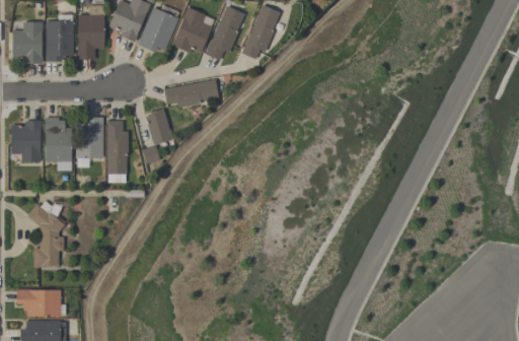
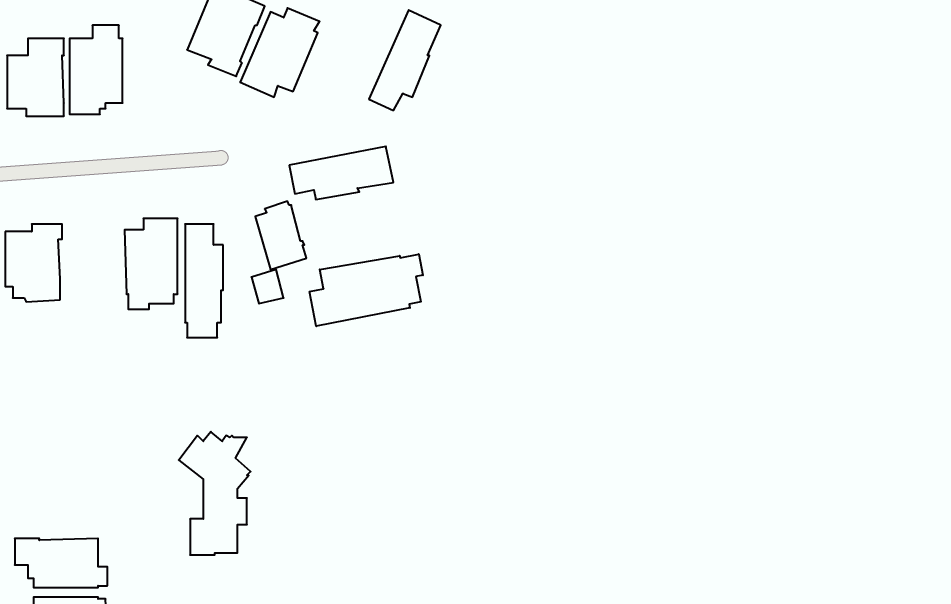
building: [242,5,280,59] -> none
building: [77,7,104,59] -> none
building: [170,7,215,53] -> none
building: [45,117,71,161] -> none
building: none -> [310,254,423,326]
building: [27,201,66,267] -> [179,432,251,555]

